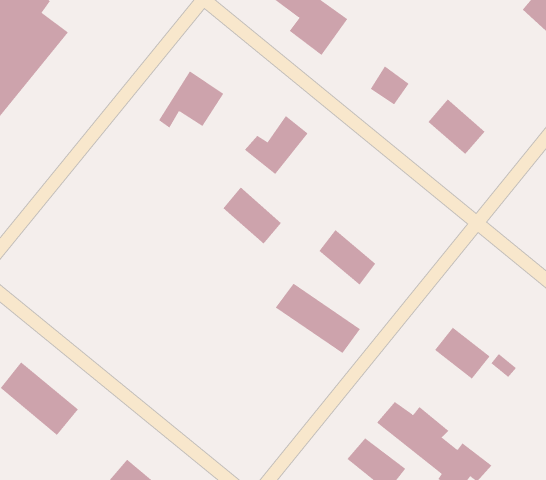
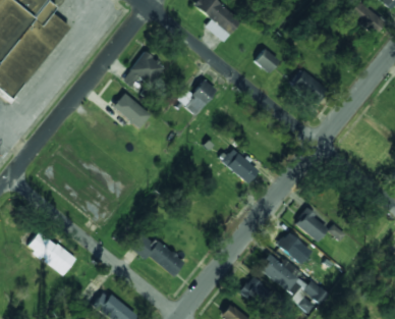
building: [222,187,282,244] -> [113,93,150,128]
building: [275,283,361,354] -> [131,232,184,276]
building: none -> [277,231,312,264]

